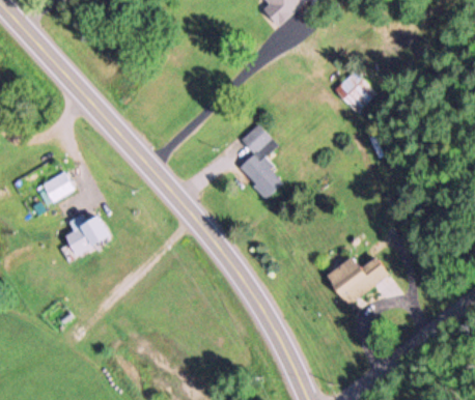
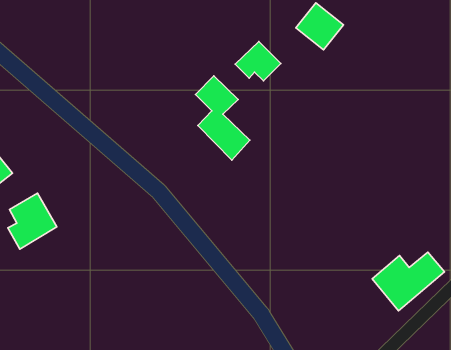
building: none -> [235,41,281,81]
building: [326,258,389,306] -> [372,252,445,311]

